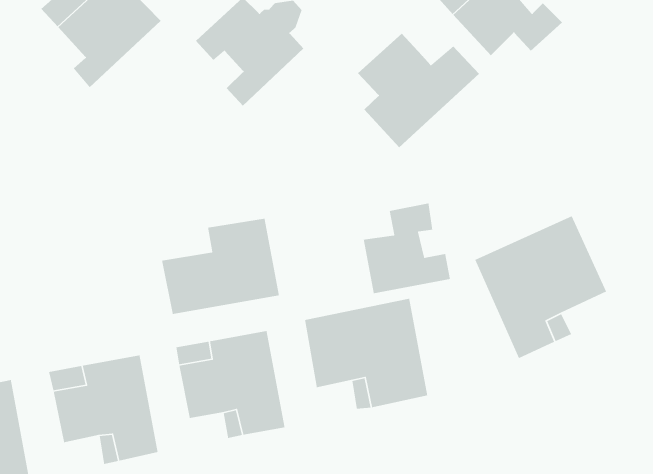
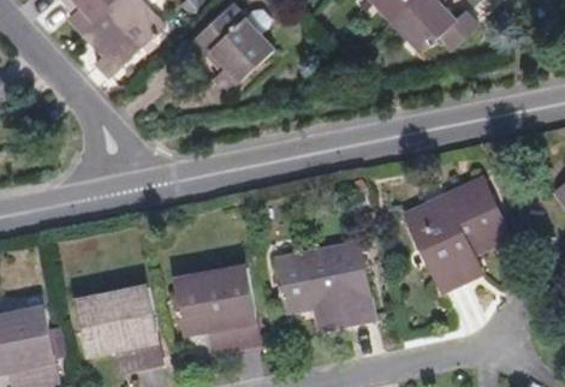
building: [357,33,480,148] -> none
building: [363,203,451,294] -> none
building: [161,218,280,315] -> none

